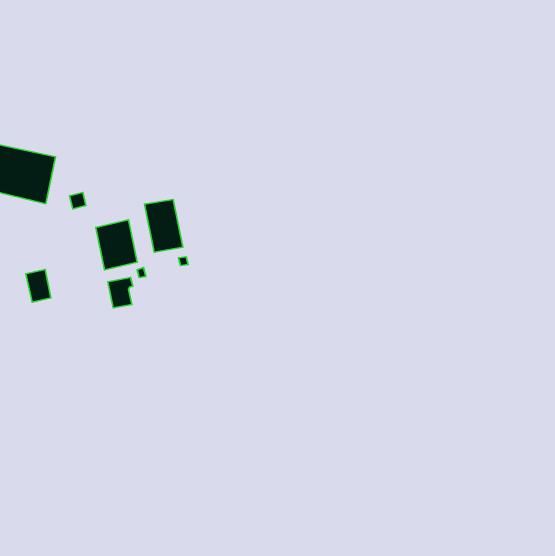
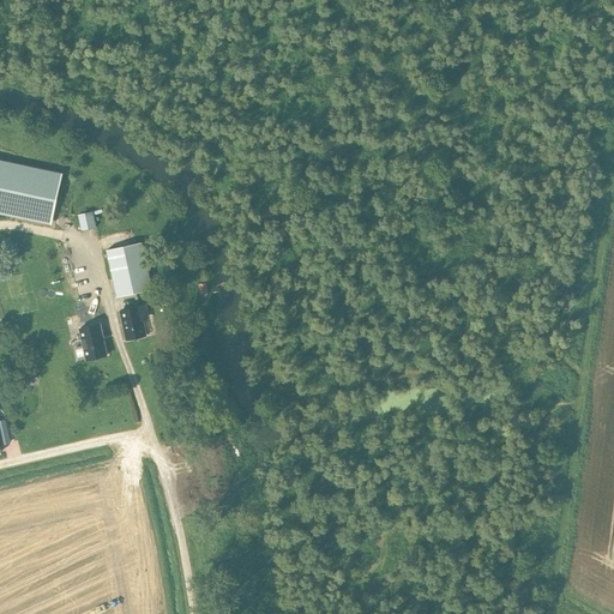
building: [144,199,183,252] -> none
building: [26,269,51,302] -> [78,324,106,360]

